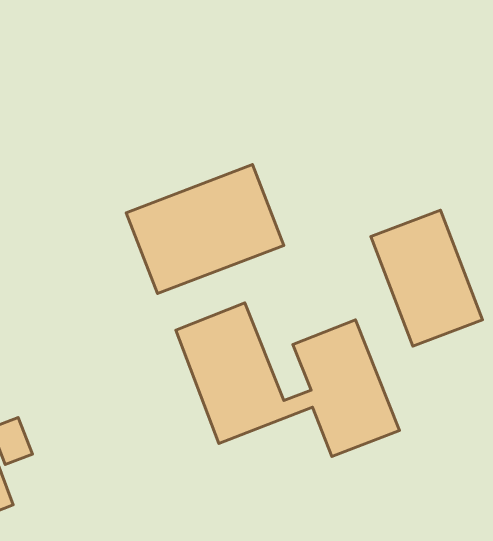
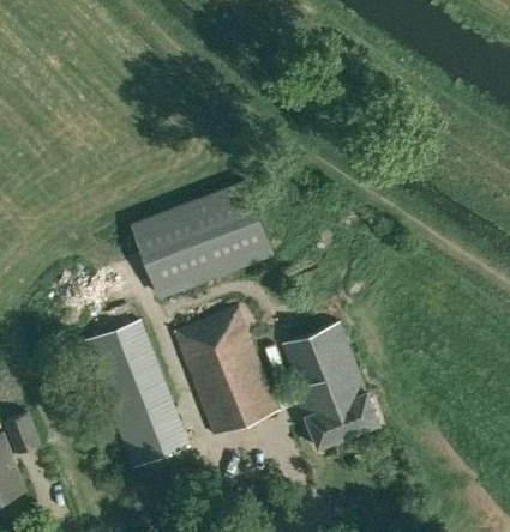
building: [371,210,483,346] -> none
building: none -> [84,321,188,468]

